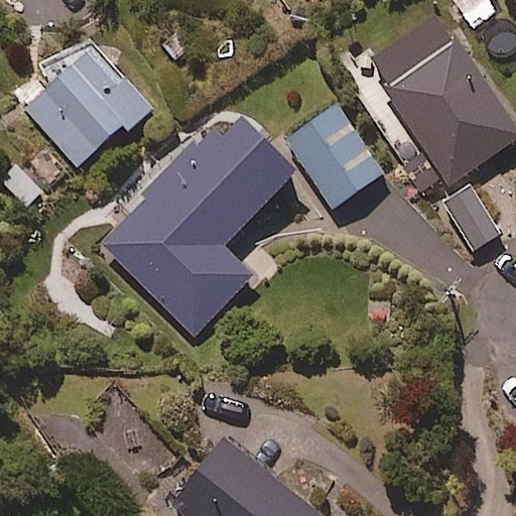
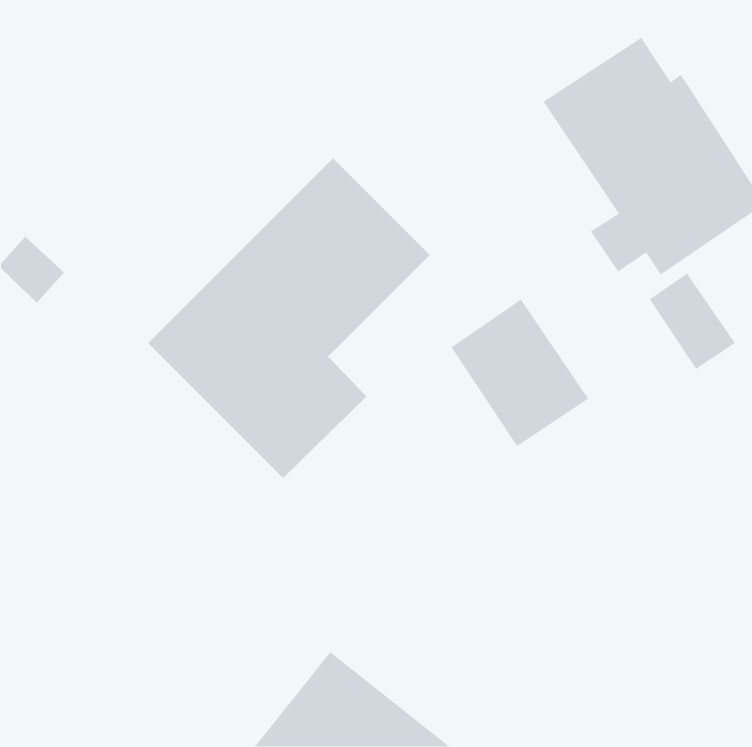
building: [27,46,148,169] -> none
building: [284,108,379,210] -> [450,299,589,447]

